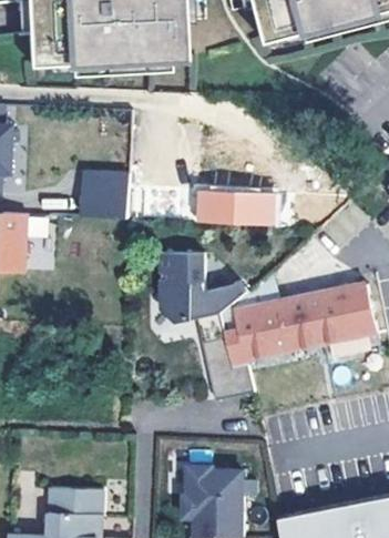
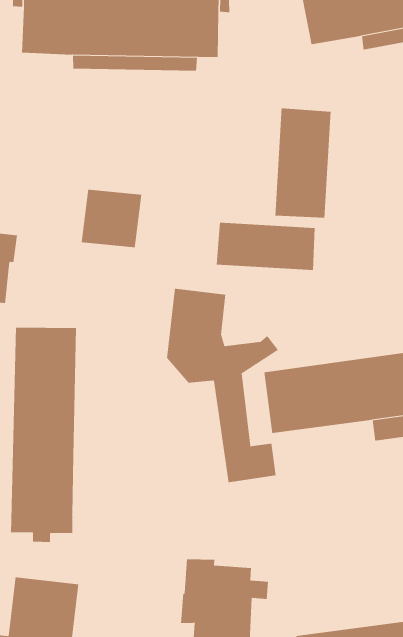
building: none -> [275,107,331,218]
building: none -> [10,327,76,543]

